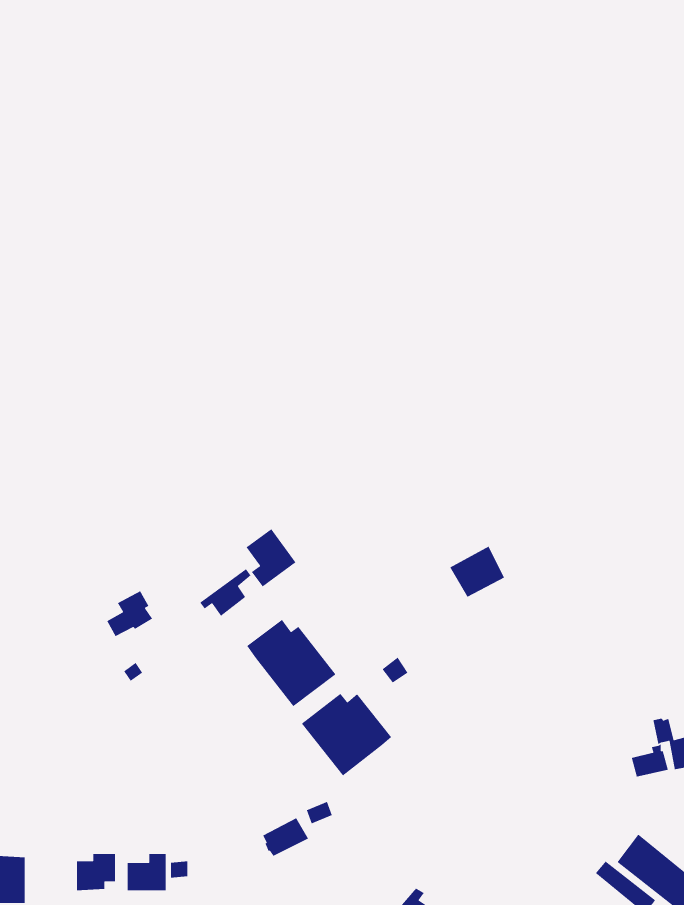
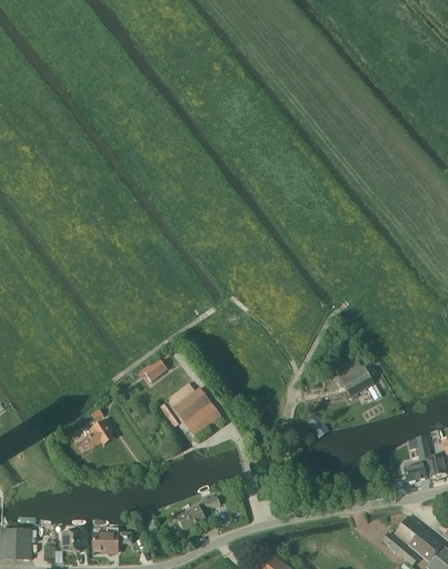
building: [245,528,297,588] -> none
building: [449,545,505,598] -> [338,363,372,396]
building: [106,590,153,637] -> [83,419,112,448]
building: [301,693,392,776] -> none

